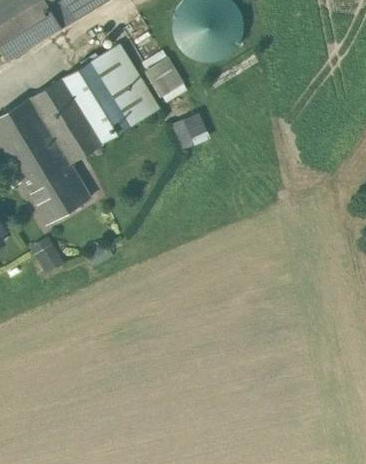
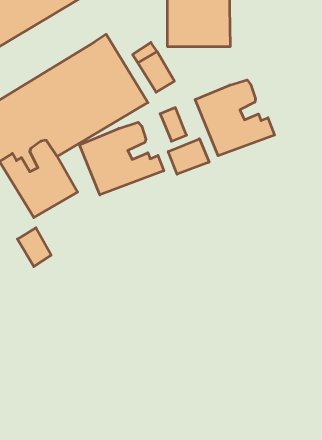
building: none -> [195,80,275,156]
building: none -> [79,122,164,195]
building: none -> [168,139,209,174]

